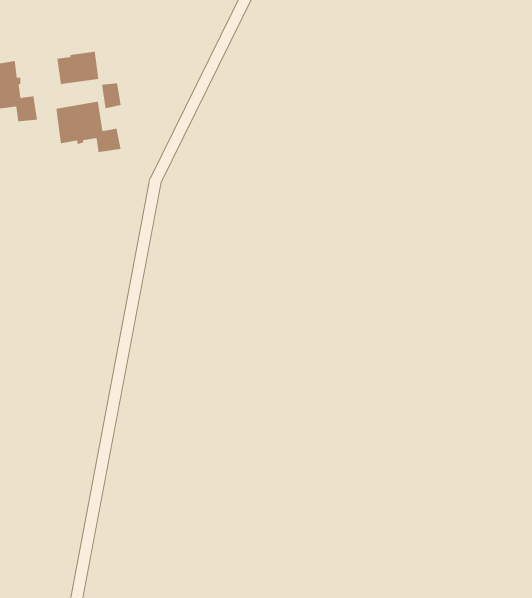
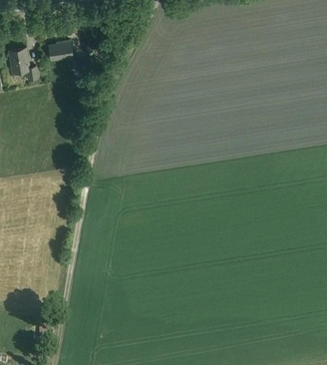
building: [56,101,121,153] -> none

